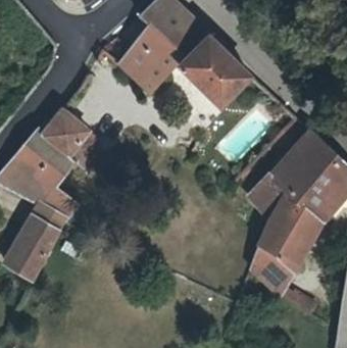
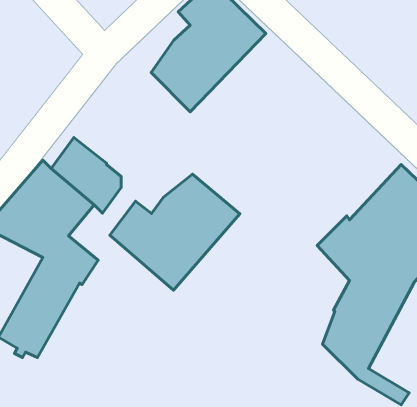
building: [182,36,251,103] -> none
building: none -> [110,174,240,290]

